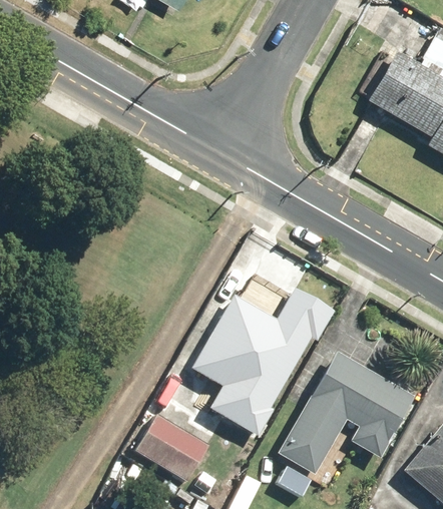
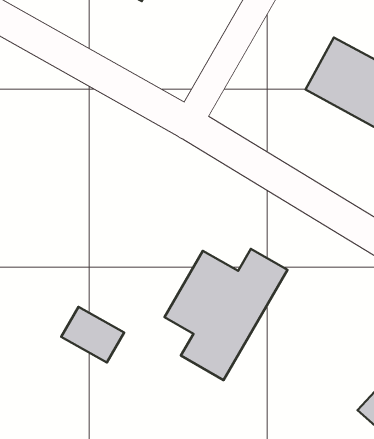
building: [282,354,415,470] -> none
building: [139,415,208,476] -> [61,307,124,362]

